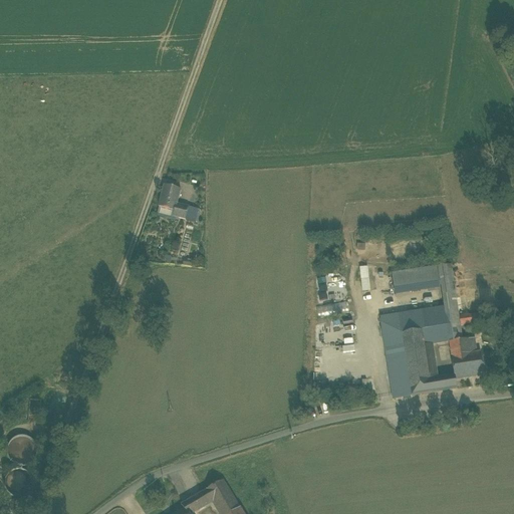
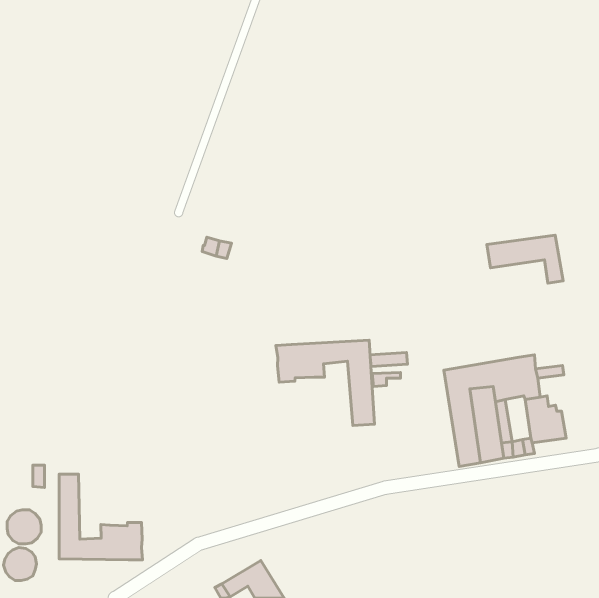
building: [158,185,180,210] -> none
building: [392,264,457,305] -> [487,235,563,283]
building: none -> [276,340,374,425]
building: none -> [59,474,142,560]

